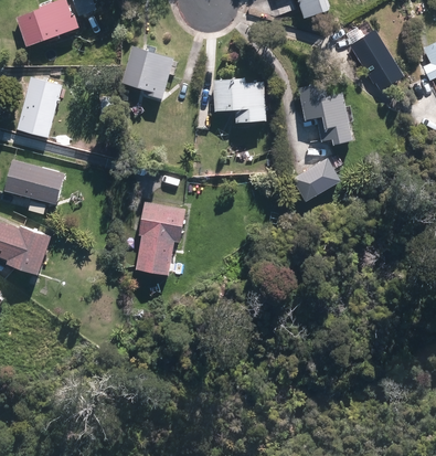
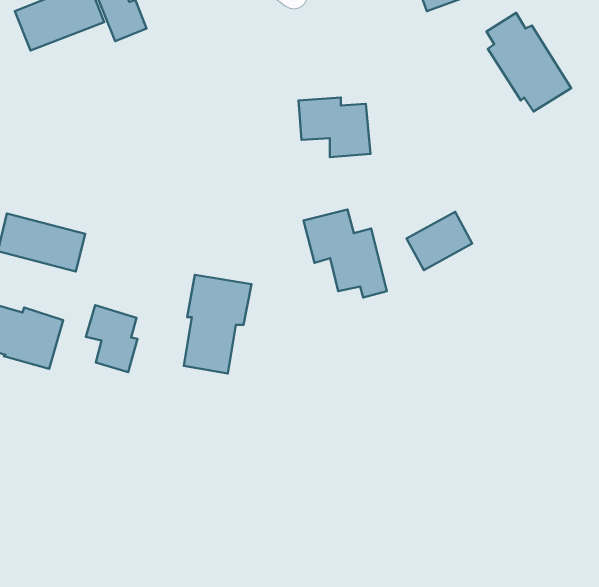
building: [124,49,173,97] -> none
building: [18,81,61,138] -> none
building: [295,82,353,144] -> [304,210,387,297]
building: none -> [86,305,138,372]

